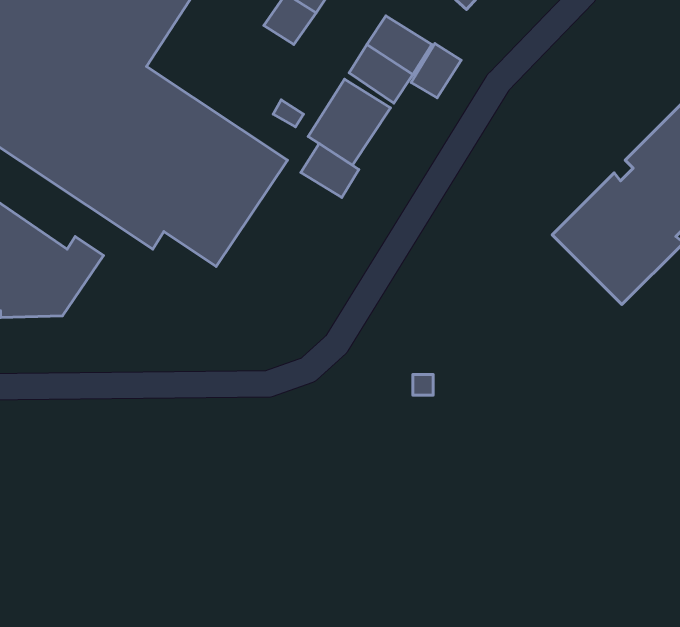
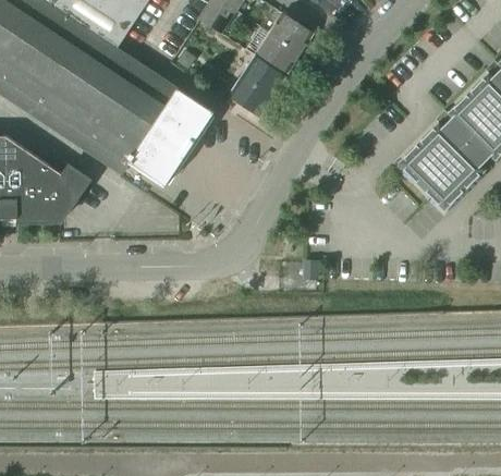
building: [411,43,461,98] -> none
building: [301,144,359,198] -> none

